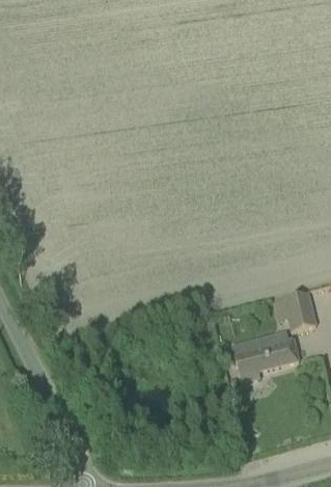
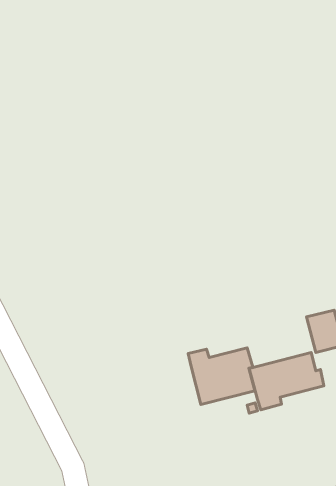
building: none -> [188,348,255,405]

